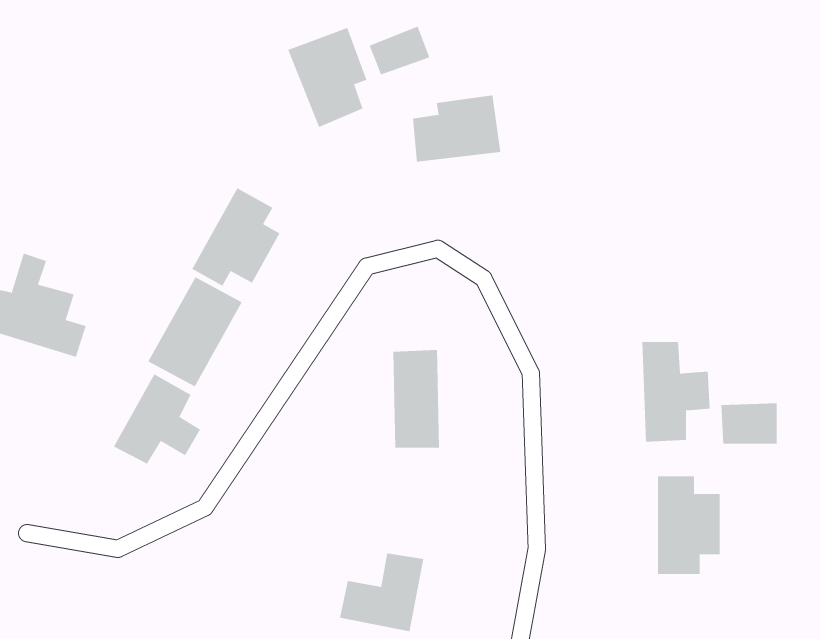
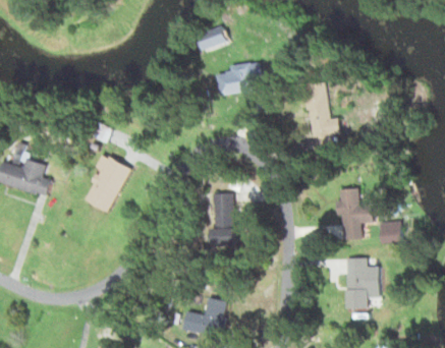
building: [288,27,367,128] -> none
building: none -> [305,80,332,149]
building: [192,188,280,286] -> none
building: [113,373,201,465] -> none

